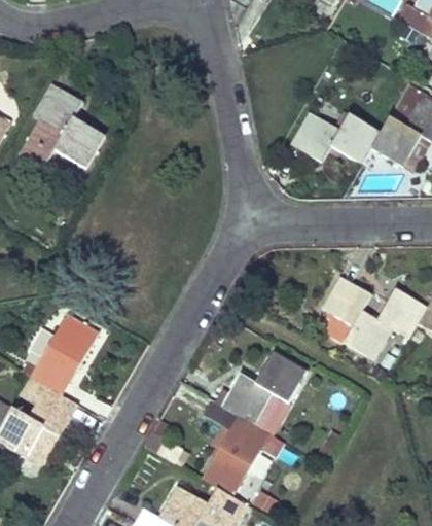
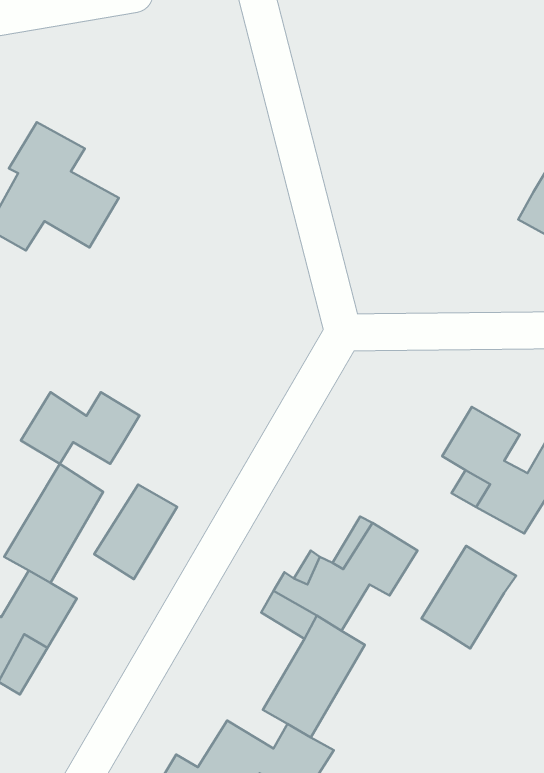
building: [292,114,383,165] -> none
building: none -> [21,392,140,464]
building: none -> [94,485,177,579]
building: none -> [421,546,516,649]

